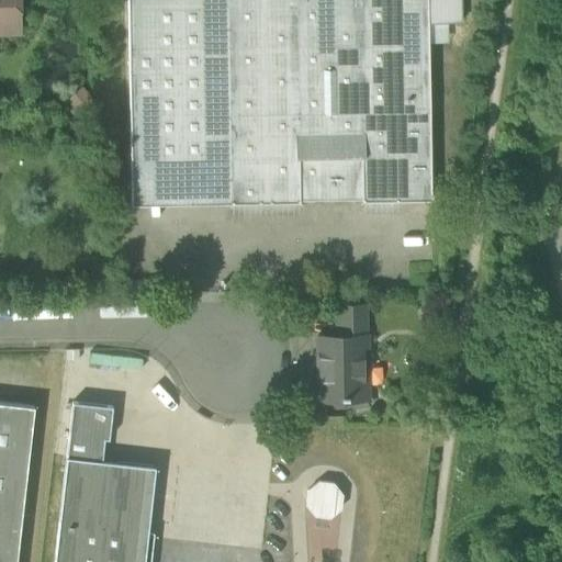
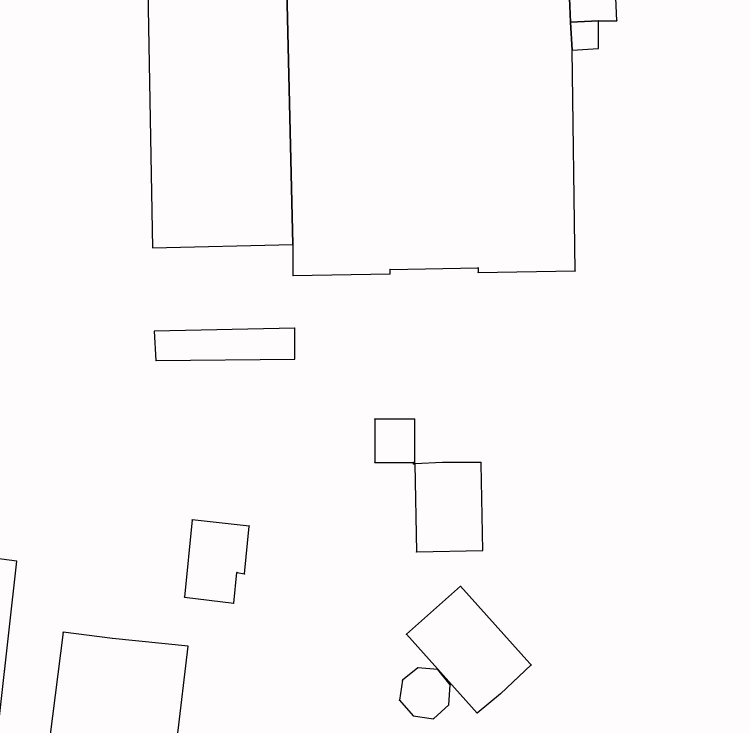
building: [131,181,231,204] -> [154,328,295,361]
building: [337,305,366,337] -> [375,419,415,464]
building: [67,402,113,461] -> [184,520,249,603]
building: none -> [406,586,531,713]

